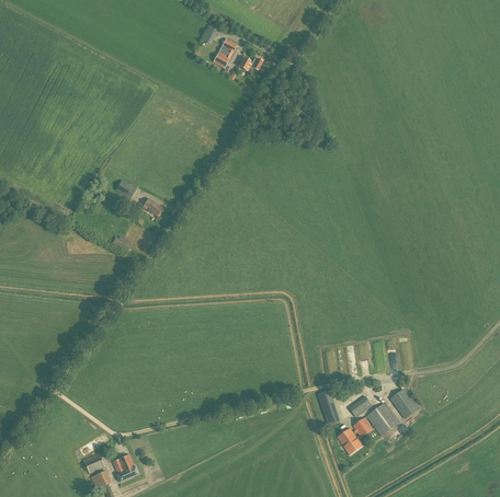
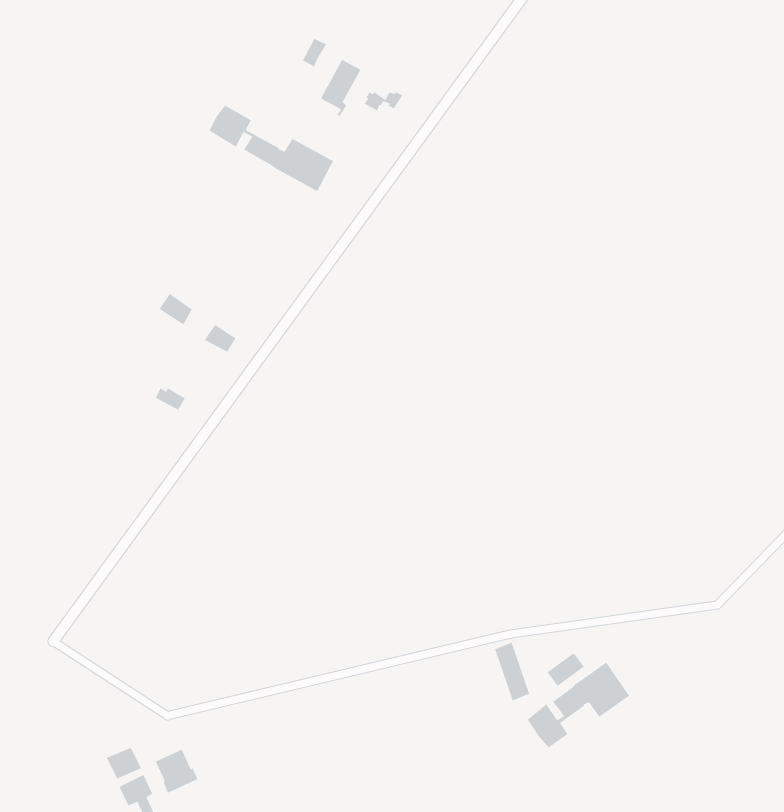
building: none -> [209,104,334,192]
building: [389,388,419,419] -> none

